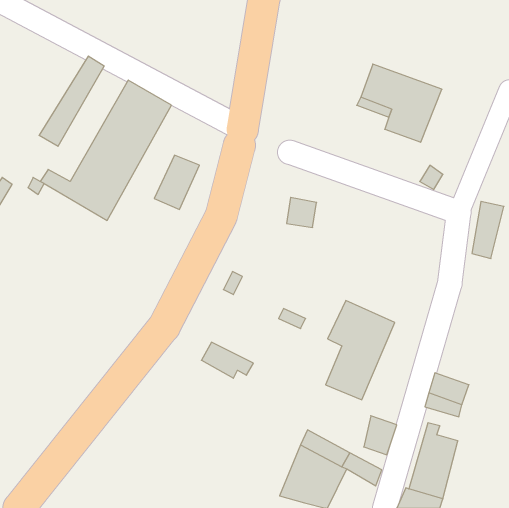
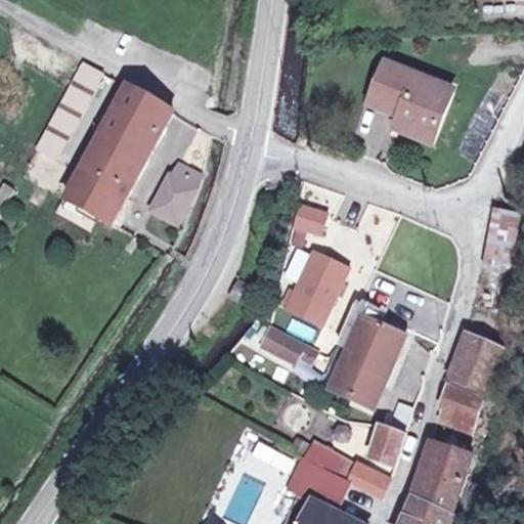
building: none -> [290,250,345,318]
building: none -> [444,330,485,393]
building: [201,342,253,378] -> [260,331,313,367]

